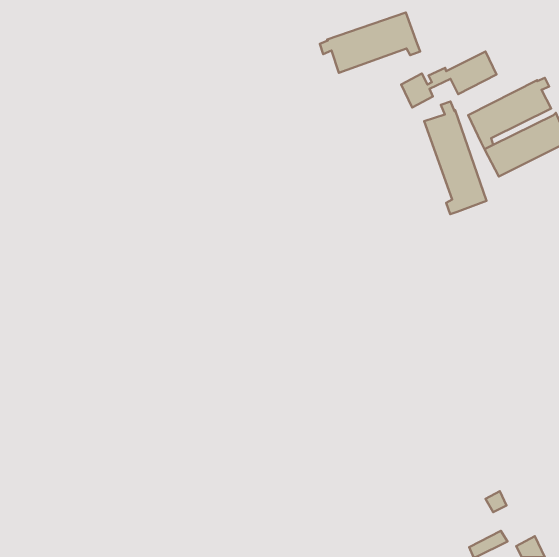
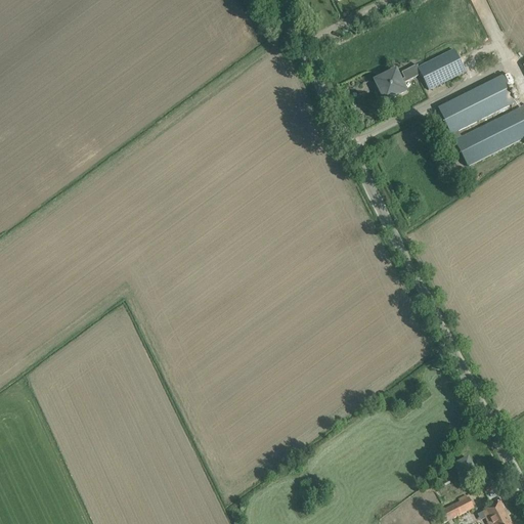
building: [320,12,420,73] -> none
building: [424,101,486,214] -> none

